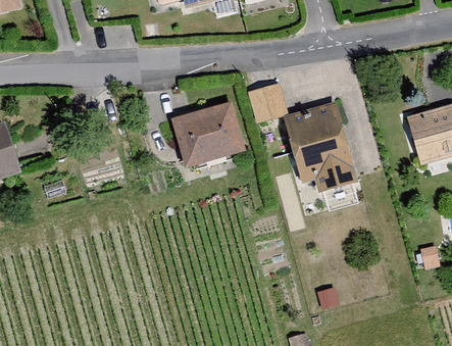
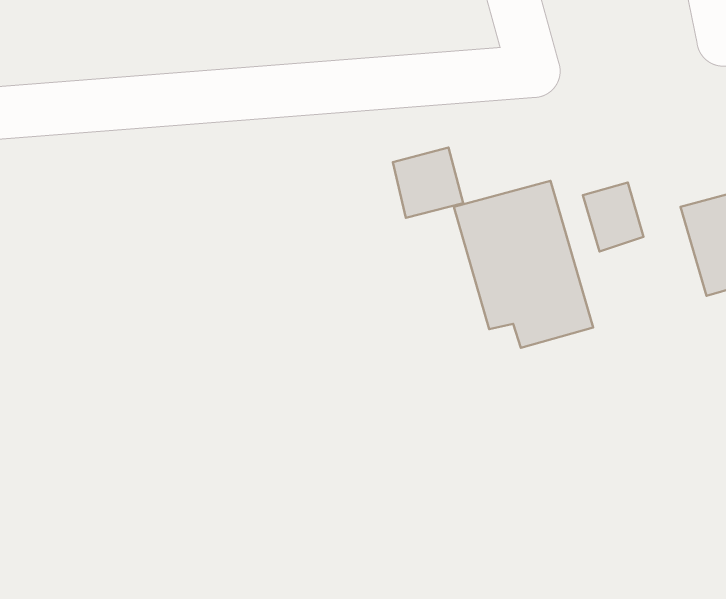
building: [169,103,246,170] -> none
building: none -> [583,182,643,251]

